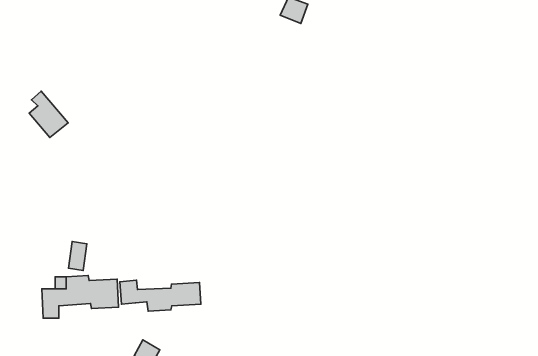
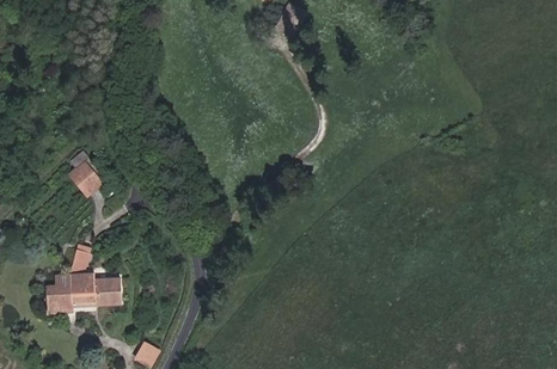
building: [29,91,68,138] -> [67,150,105,196]
building: [120,280,201,311] -> none

